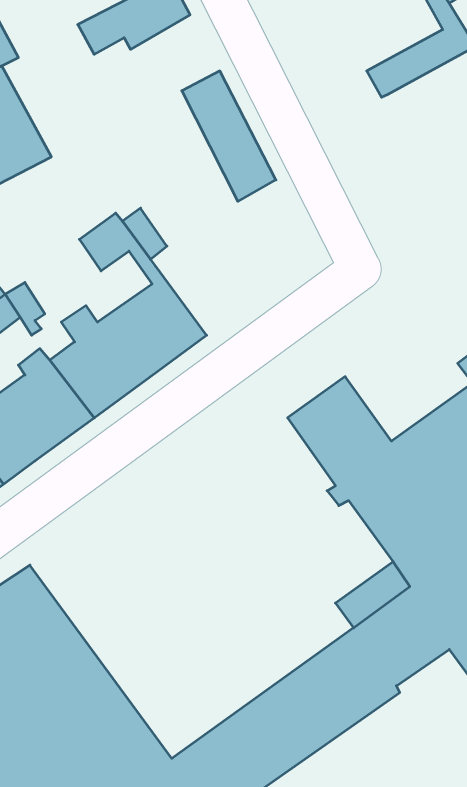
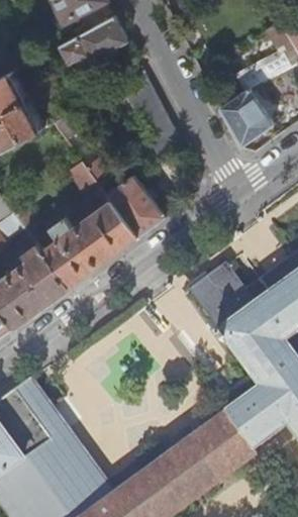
building: none -> [220,90,274,148]
building: none -> [106,176,166,237]

